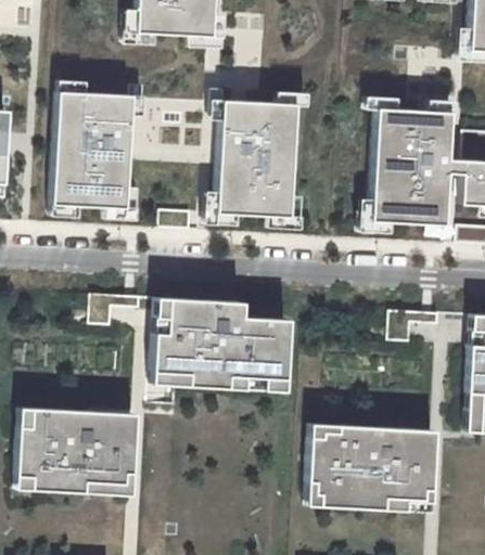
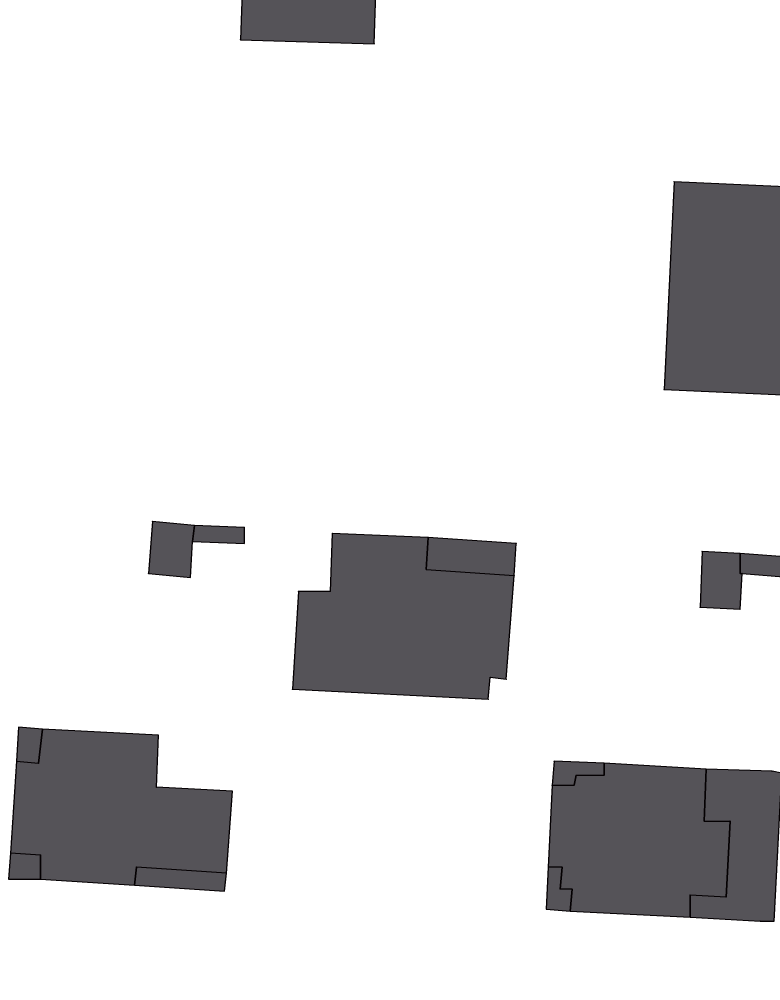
building: [48,88,136,206] -> none
building: [218,102,295,217] -> none
building: [153,298,191,385] -> none
building: [95,410,138,440] -> none

